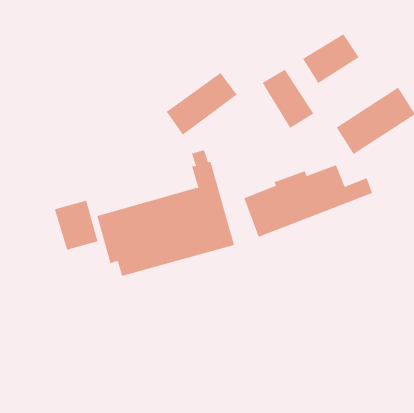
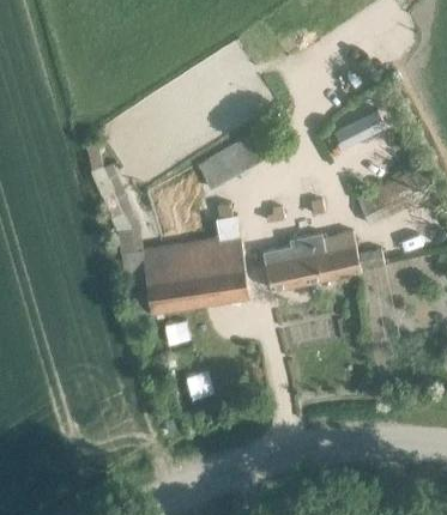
building: [262,69,314,129] -> none
building: [54,200,98,250] -> none

